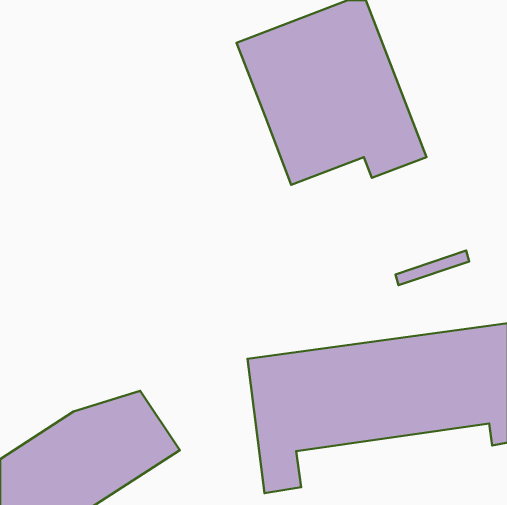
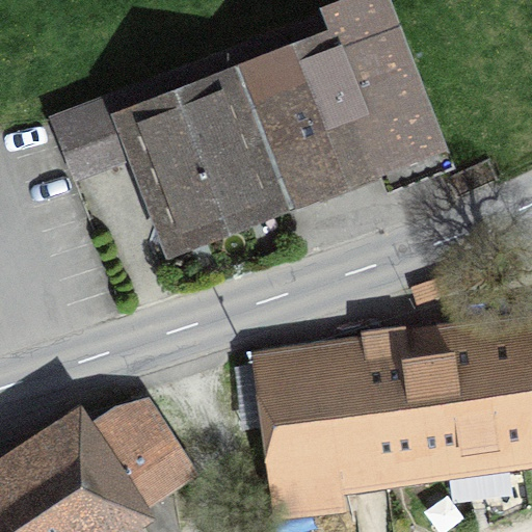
building: none -> [52,48,278,232]

